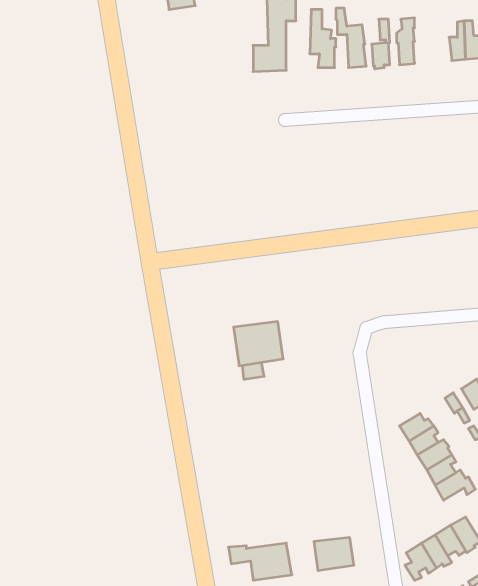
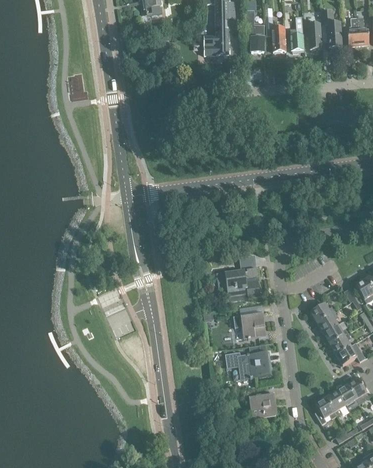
building: none -> [321,10,341,47]
building: [234,322,283,366] -> [224,268,260,300]
building: none -> [233,311,266,338]
building: [228,543,292,580] -> [226,351,272,378]

